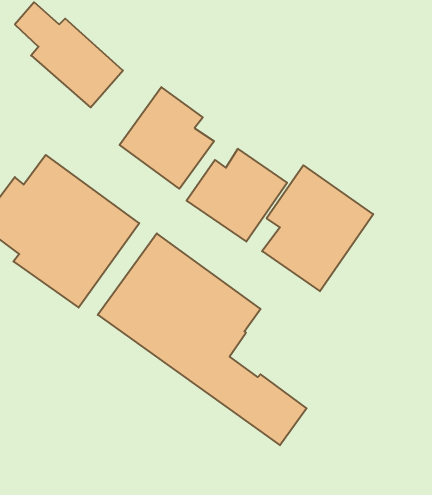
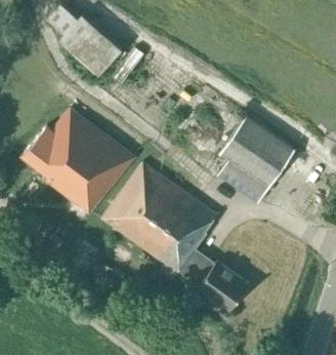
building: [120,87,214,189] -> none
building: [187,149,287,242] -> none

